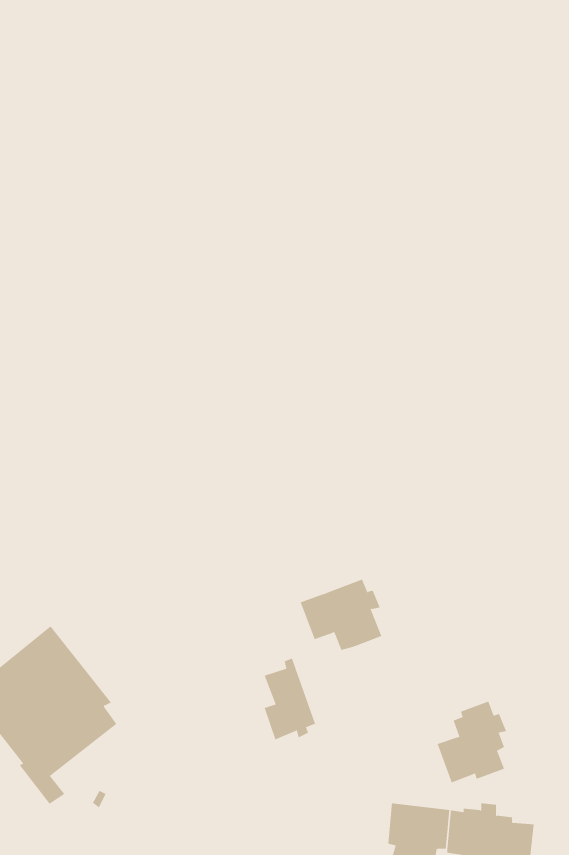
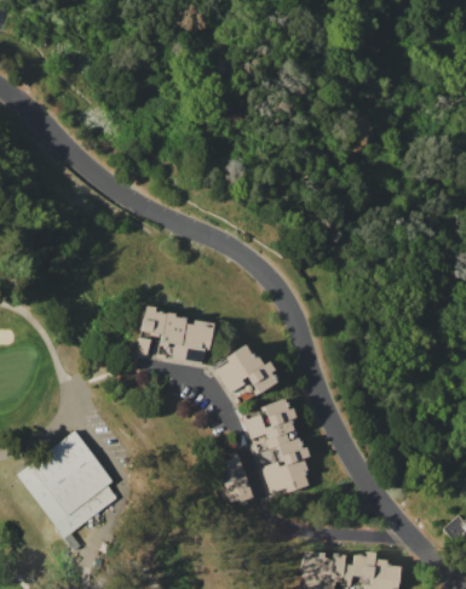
building: none -> [138,305,213,365]
building: none -> [217,344,278,395]
building: [437,701,507,783] -> [263,438,310,493]

